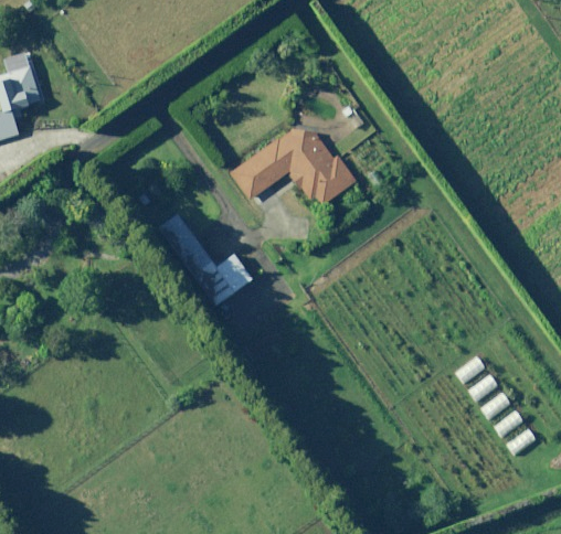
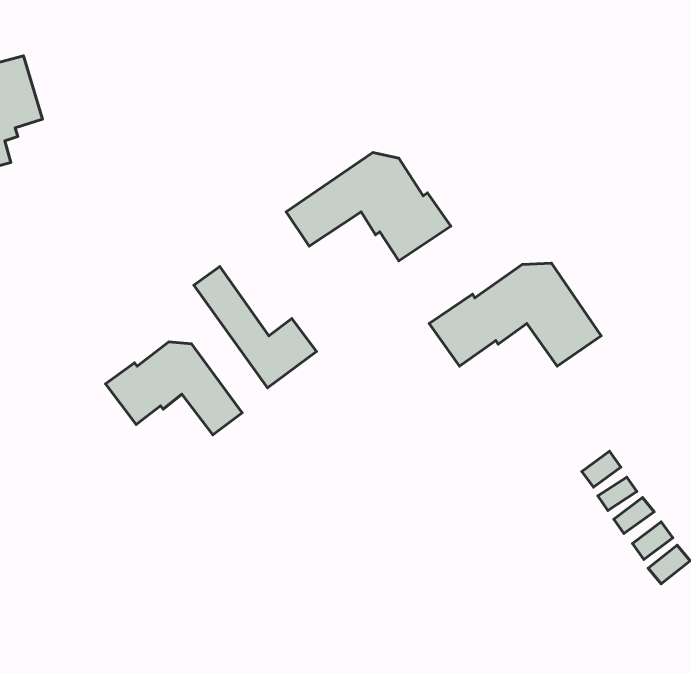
building: none -> [429,263,601,366]
building: none -> [106,342,242,435]

